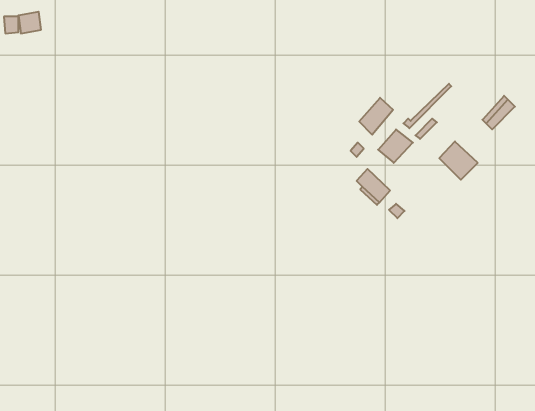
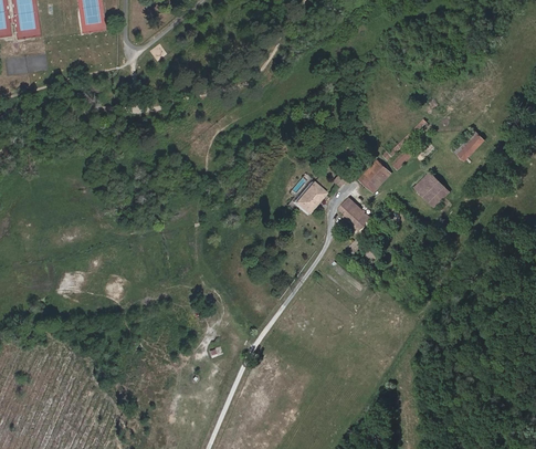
building: [359,98,393,135] -> none
building: none -> [296,181,326,212]

